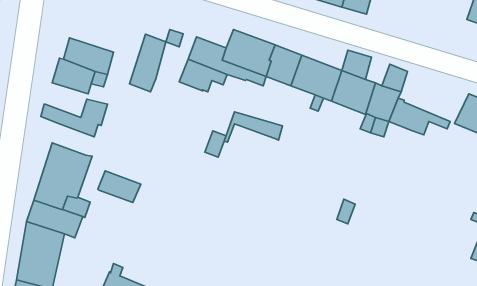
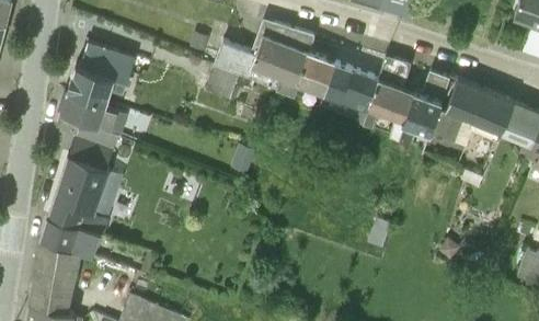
building: [129,34,166,92] -> none
building: none -> [446,79,515,134]
building: none -> [61,90,107,127]
building: [224,112,283,142] -> [252,20,314,53]
building: [98,171,141,202] -> [68,134,114,168]

